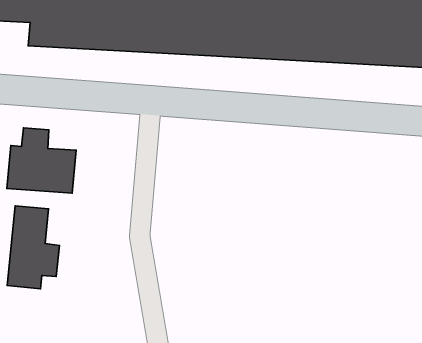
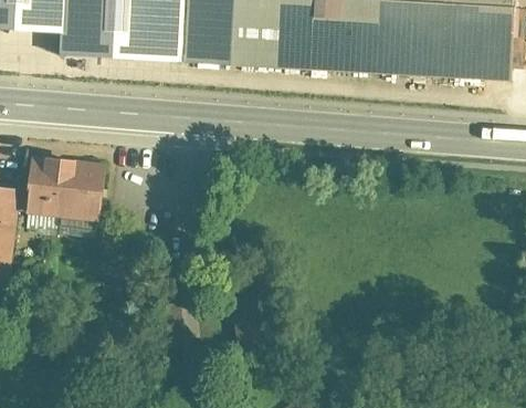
building: [7,206,59,289] -> none

